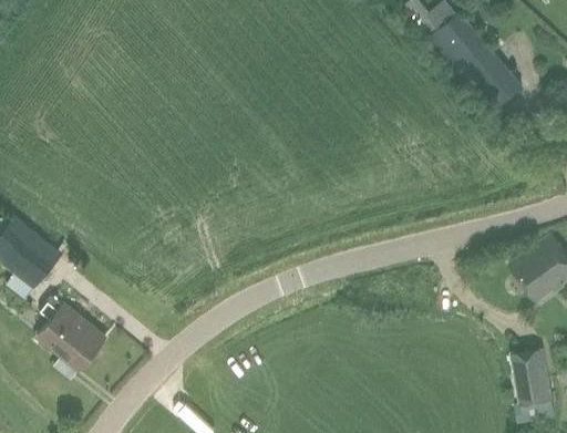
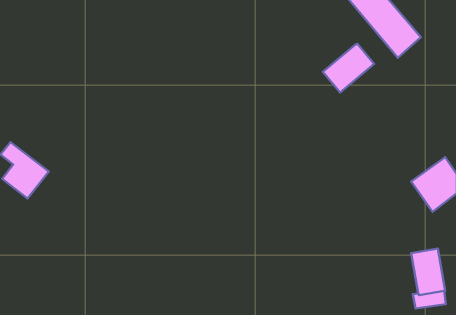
building: none -> [323,44,374,93]
building: [38,297,105,368] -> none

